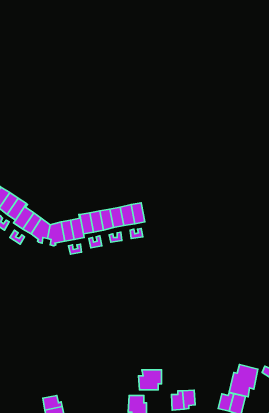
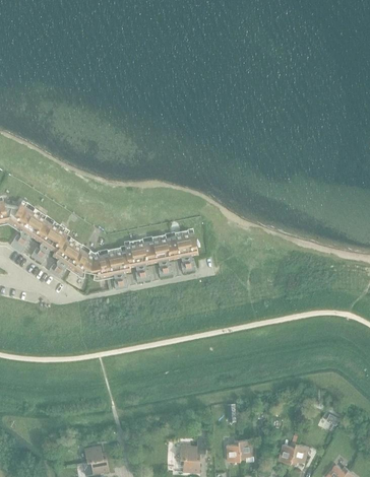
building: [229,364,258,397] -> none
building: [139,370,161,390] -> none

